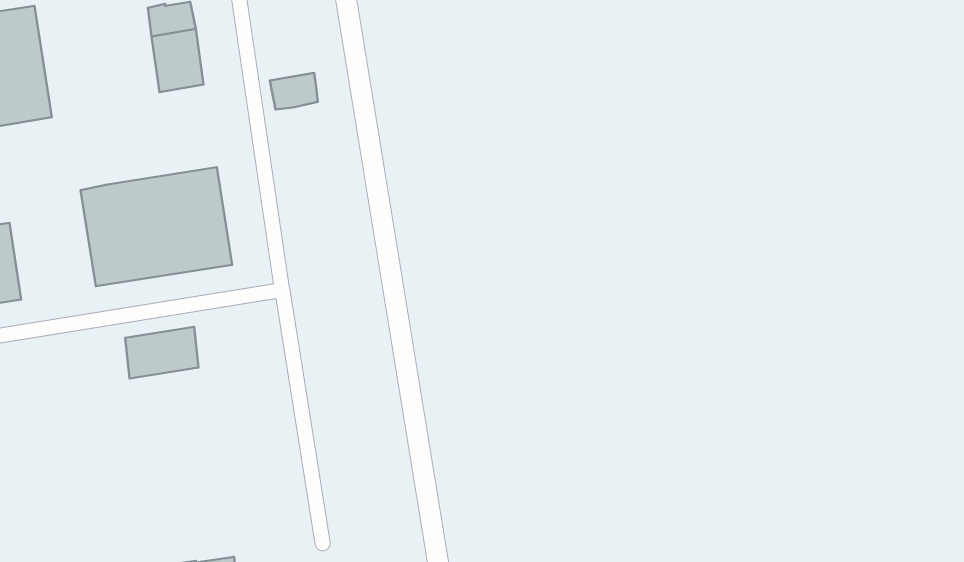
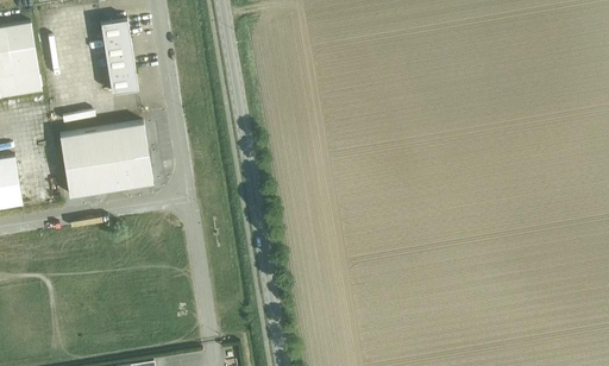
building: [270,73,318,109] -> [107,70,137,93]
building: [125,327,198,378] -> none

